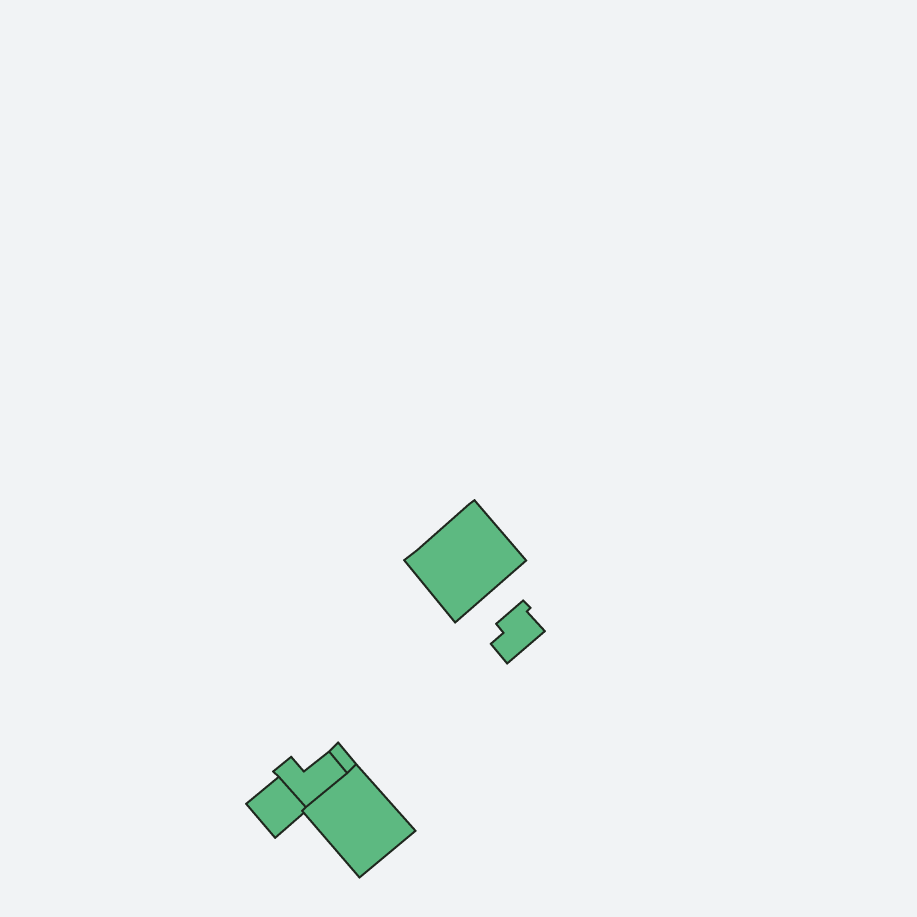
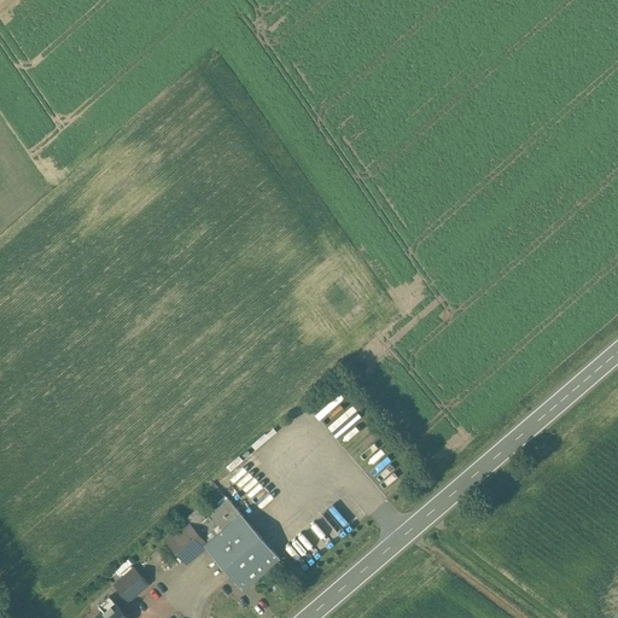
building: [404,500,526,623] -> none
building: none -> [112,569,146,601]

